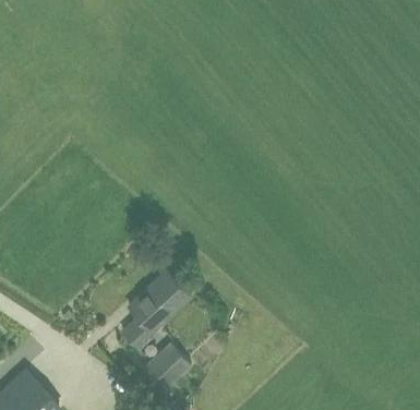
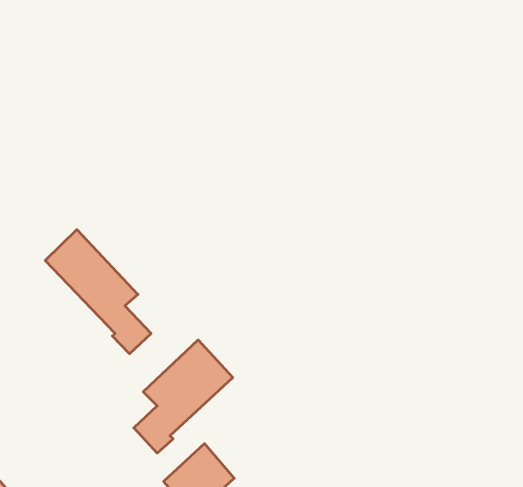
building: none -> [45,230,151,354]

